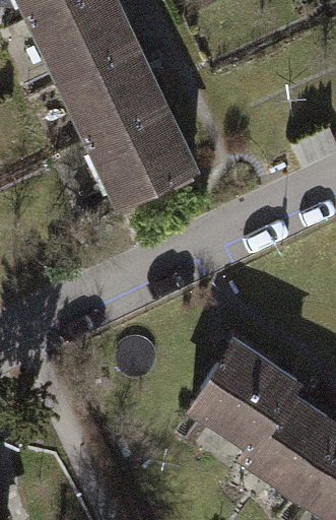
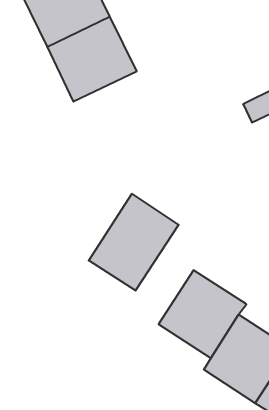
building: [89,107,192,202] -> none
building: none -> [89,194,179,291]

